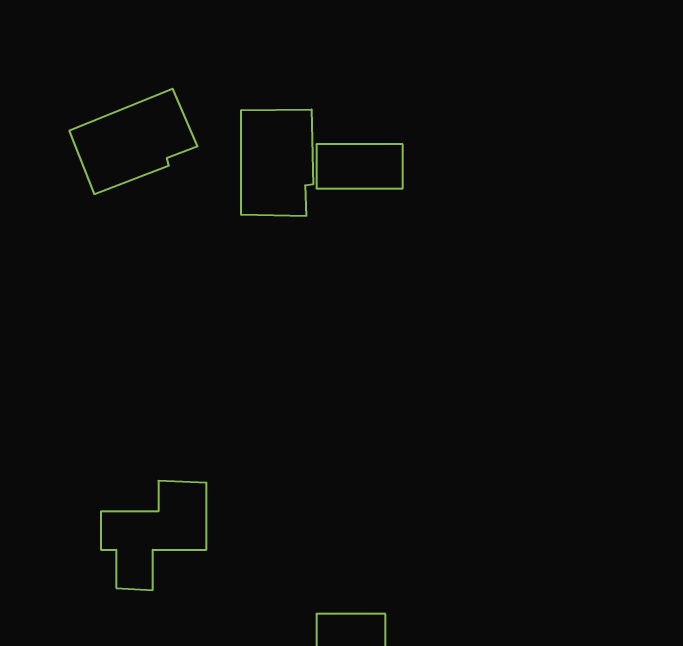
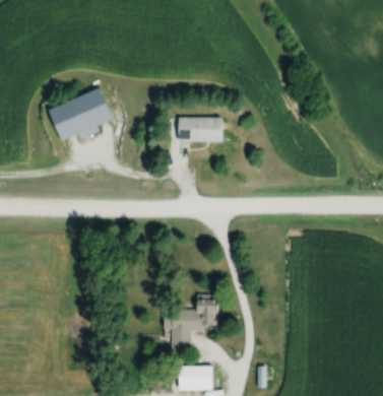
building: [241,109,313,216] -> none
building: [101,481,206,590] -> [165,293,220,351]

